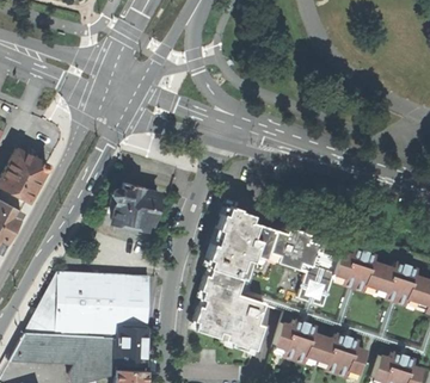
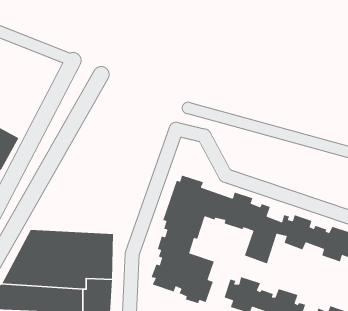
building: [112,186,156,235] -> none

